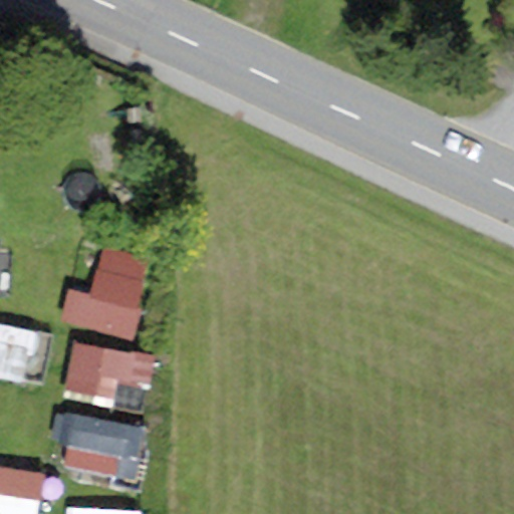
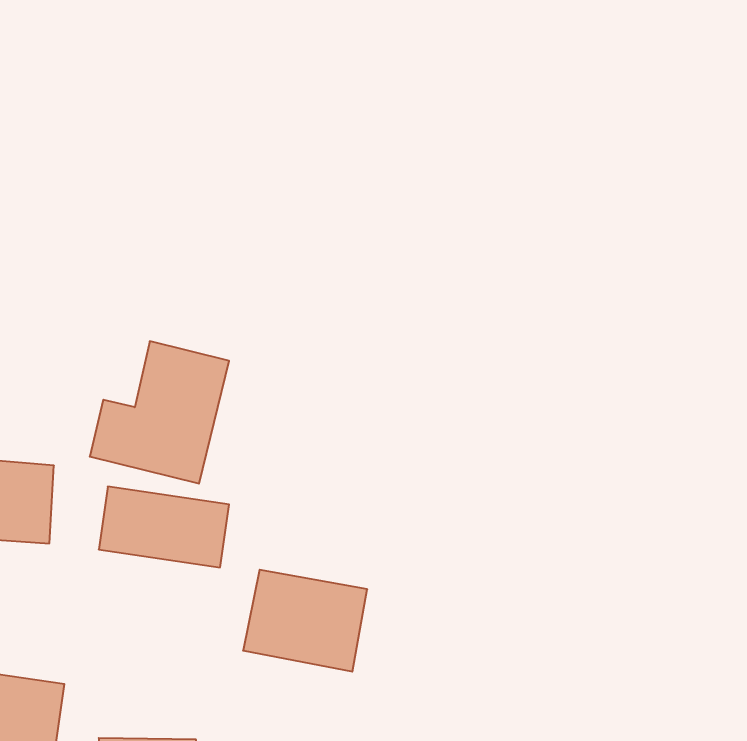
building: [59,416,143,484] -> [243,570,367,672]

